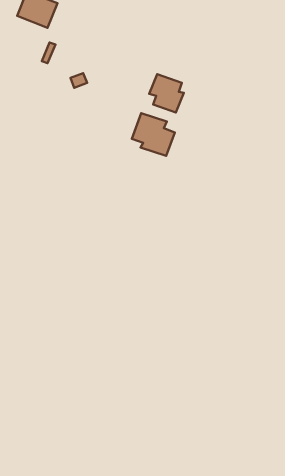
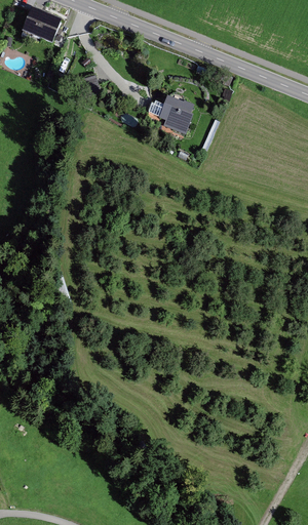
building: [132,113,175,156] -> none

